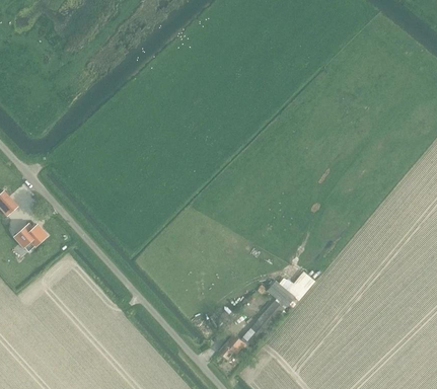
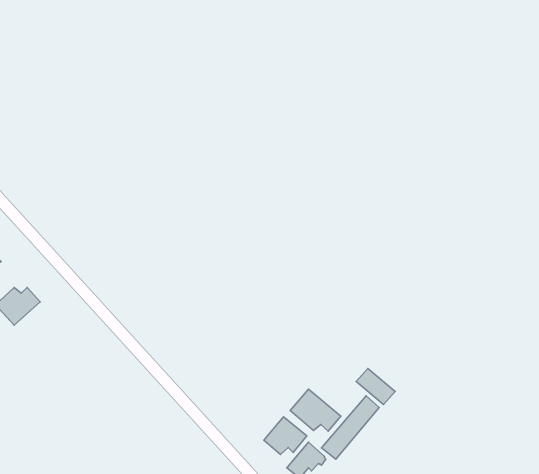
building: none -> [290,389,341,431]
building: none -> [264,417,307,455]

